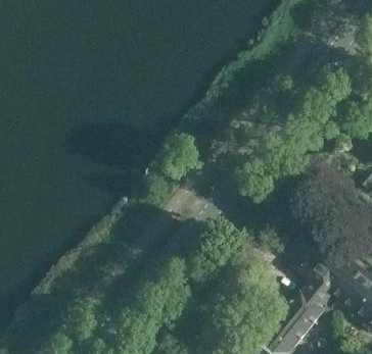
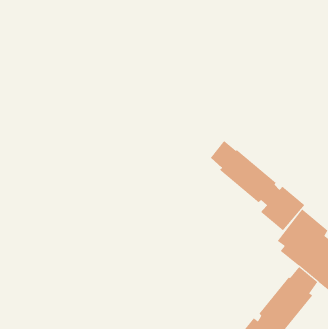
building: none -> [210,140,305,231]

